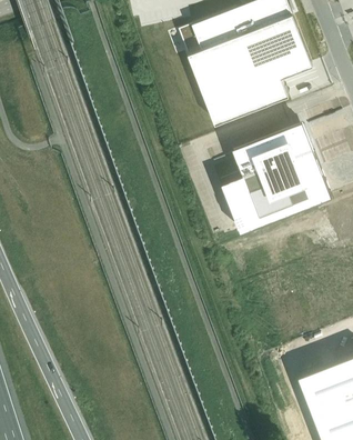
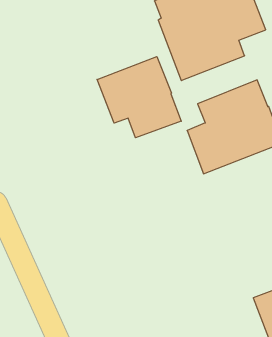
building: none -> [97,57,181,138]

